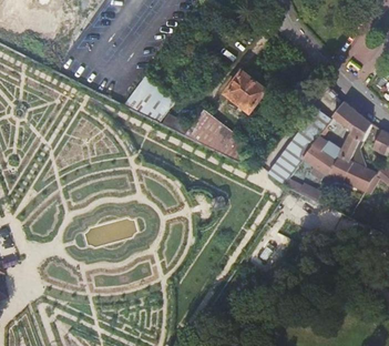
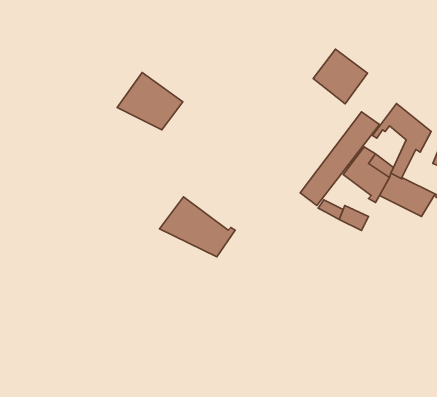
building: [222,74,265,118] -> [313,49,368,104]
building: [184,110,244,157] -> [160,197,235,257]

